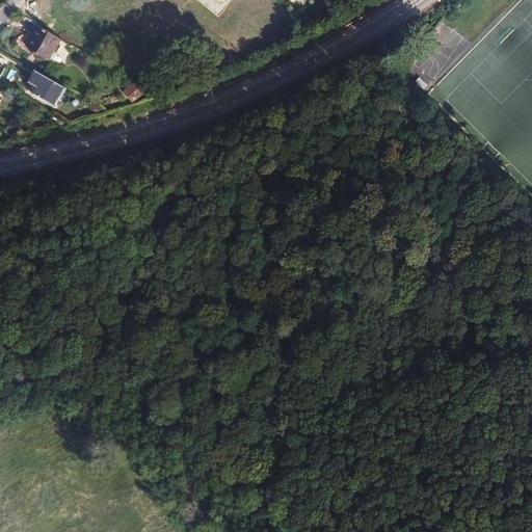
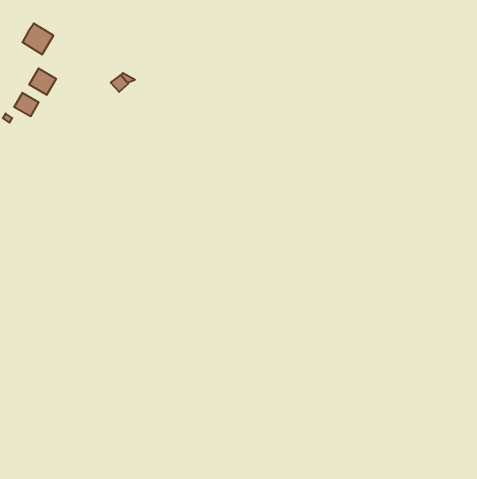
building: none -> [14,93,39,116]

